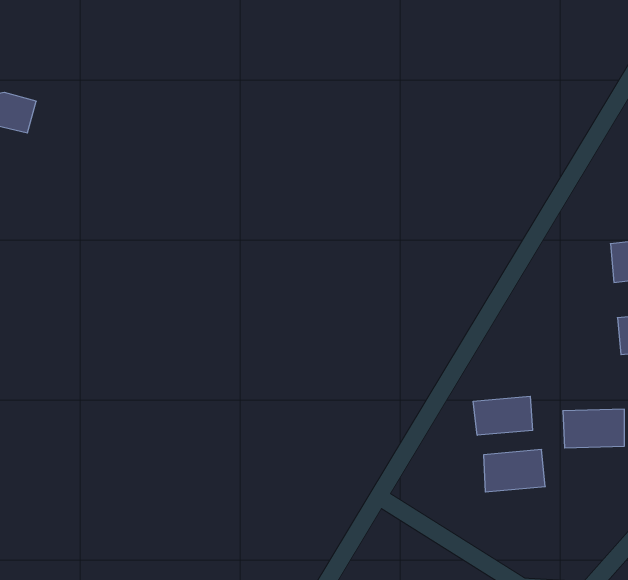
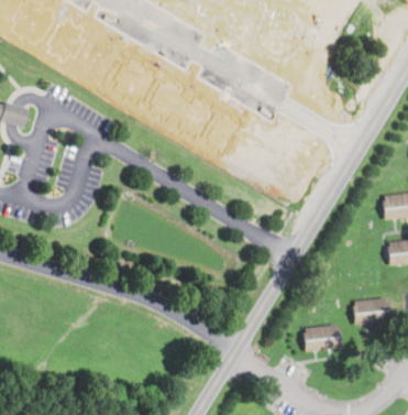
building: [473,396,533,435] -> none

